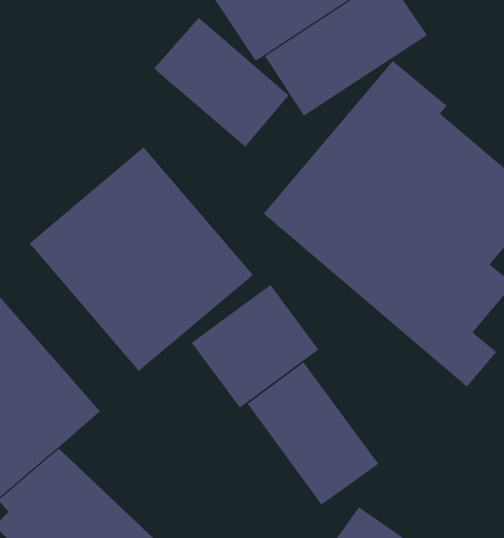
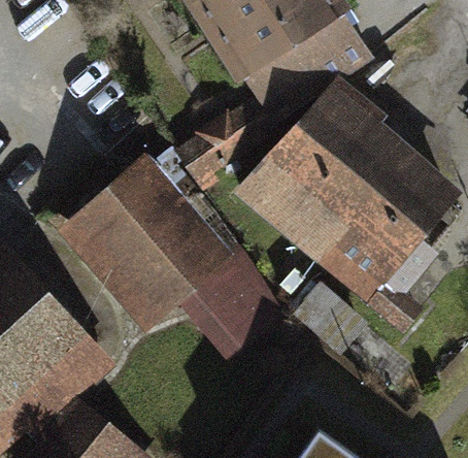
building: [153,17,290,147] -> none
building: [247,362,379,506] -> none

